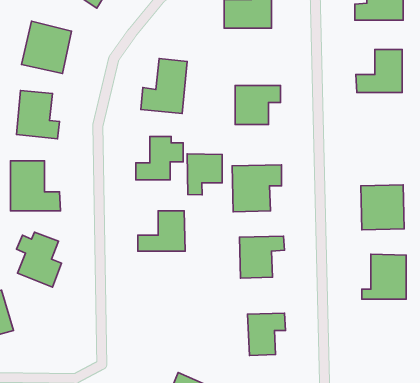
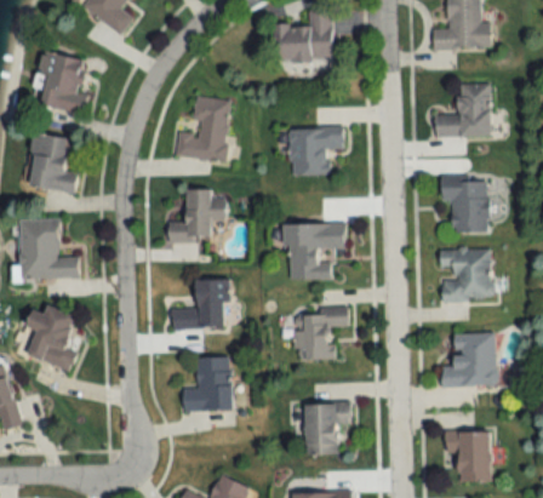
building: none -> [441,178,488,233]
building: [187,154,222,195] -> none
building: none -> [182,356,232,411]
building: none -> [445,430,490,480]

